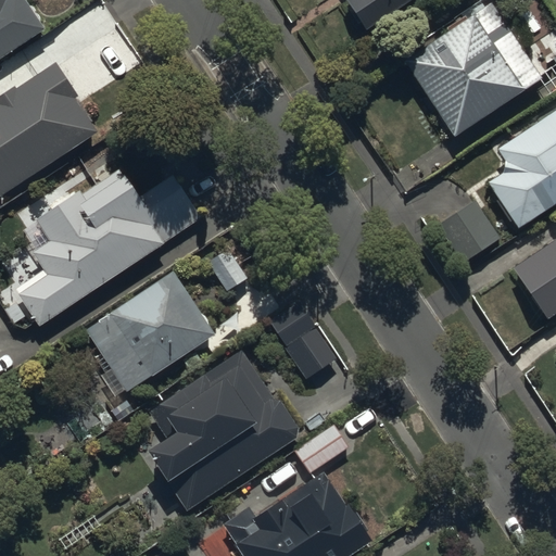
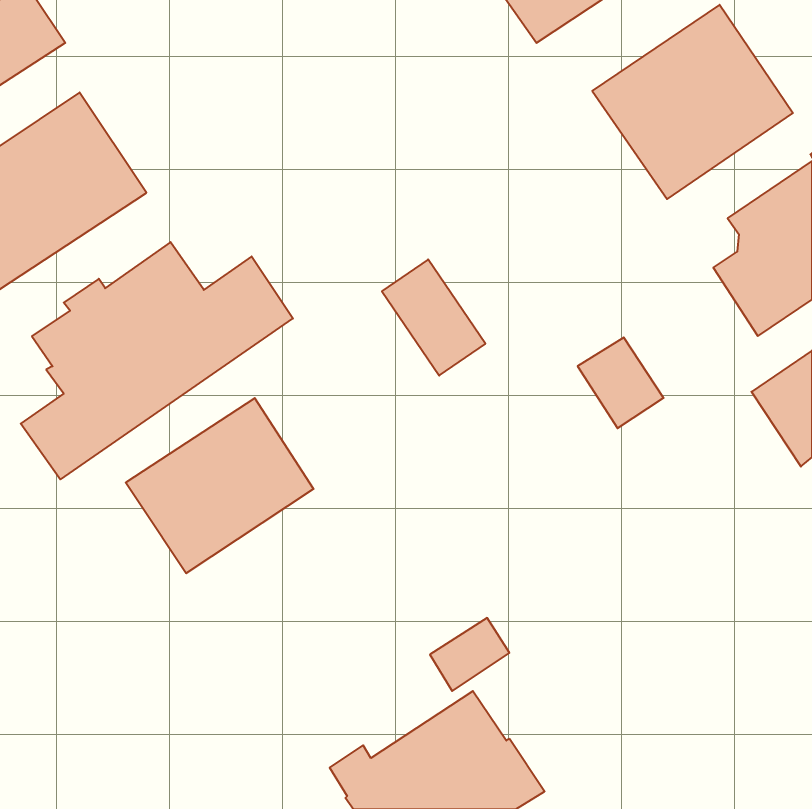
building: [443,200,502,262] -> [578,337,664,428]
building: [266,300,337,379] -> [382,259,485,376]
building: [147,348,298,511] -> none

